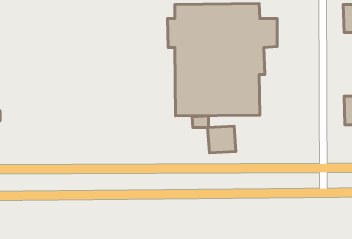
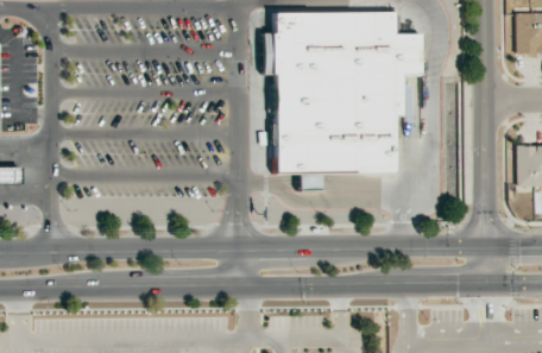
building: [208,126,236,153] -> none

